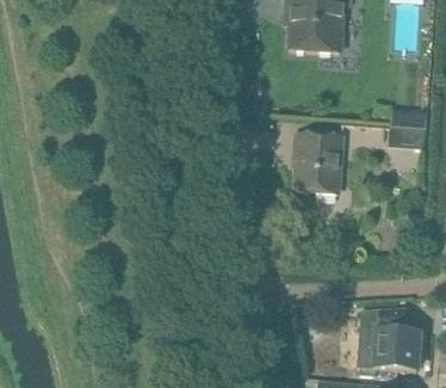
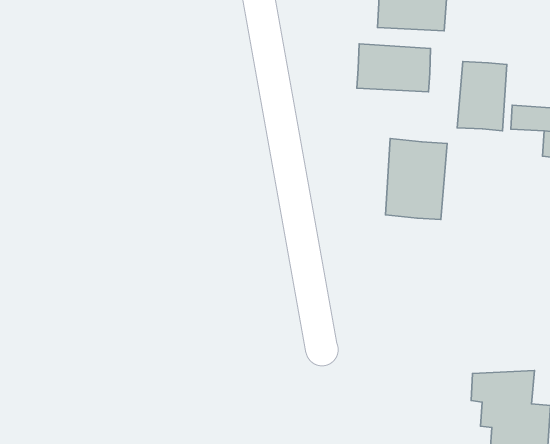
building: none -> [357,44,431,92]
building: none -> [457,62,507,131]

